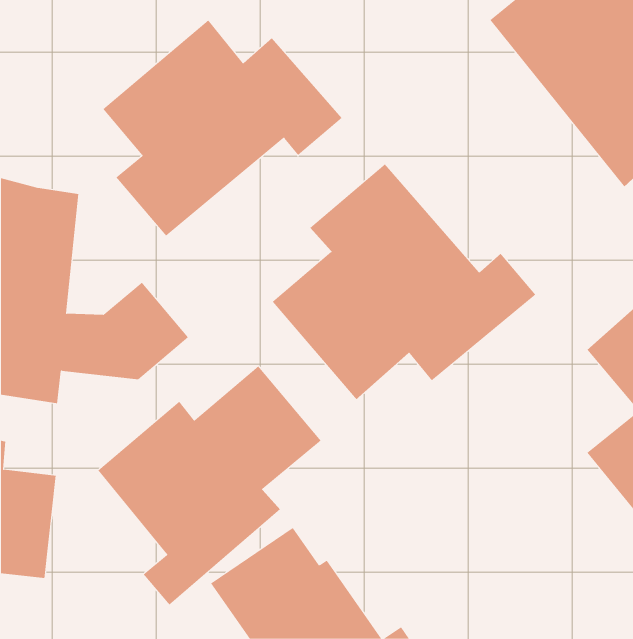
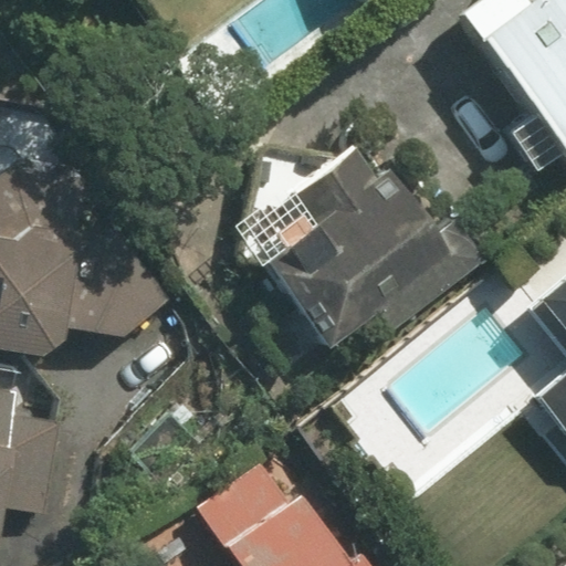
building: [102,20,342,237] -> none
building: [97,365,321,606] -> none

